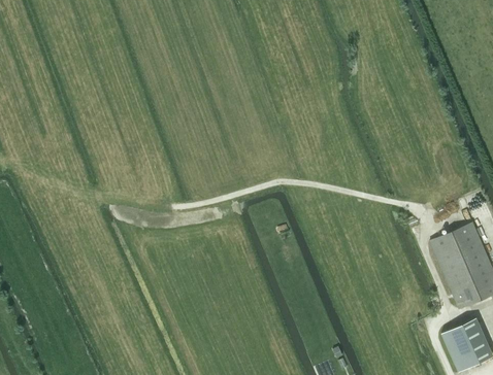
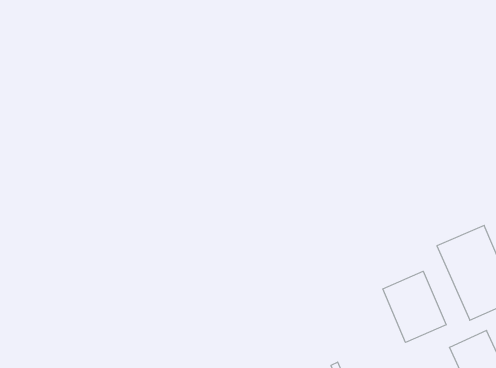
building: none -> [383,271,446,342]

